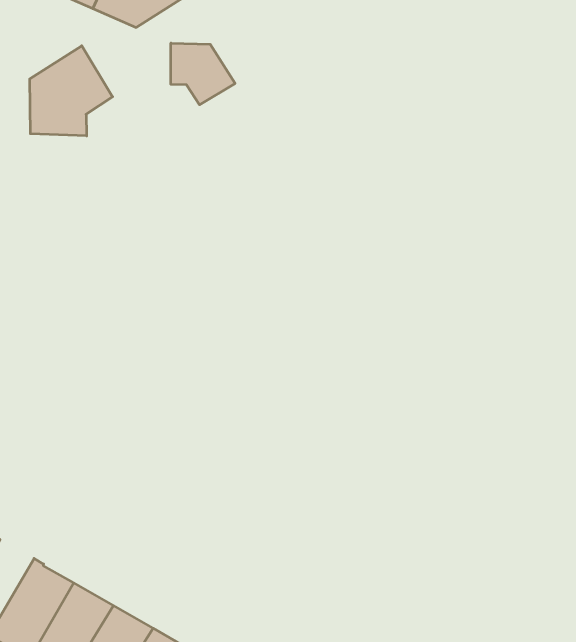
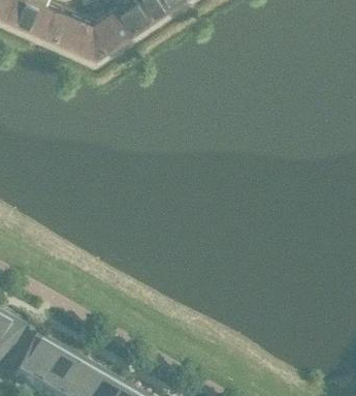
building: [171,43,235,105] -> none
building: [30,46,113,136] -> none

